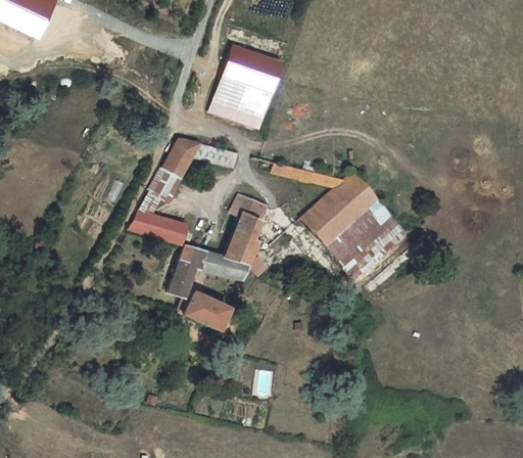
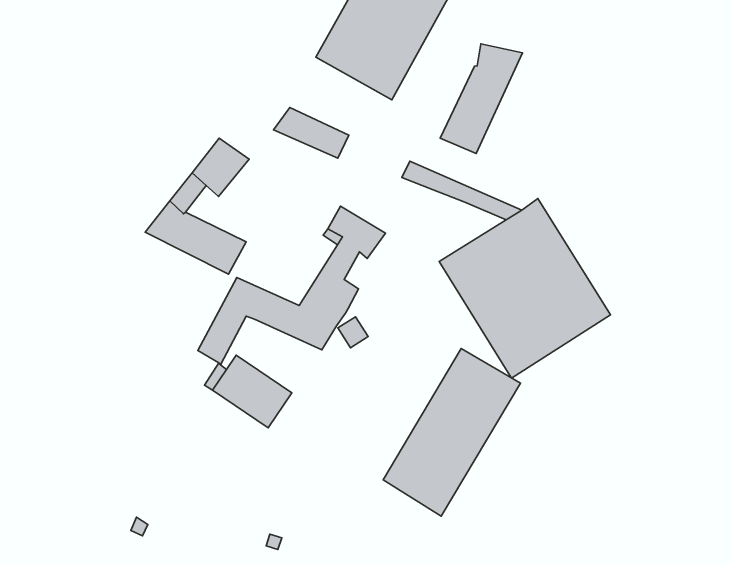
building: none -> [440,44,522,153]
building: [161,137,199,176] -> none
building: none -> [383,349,521,516]

